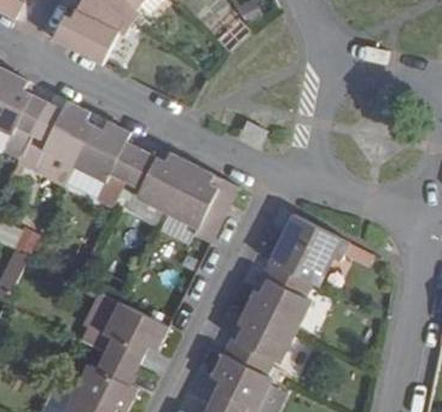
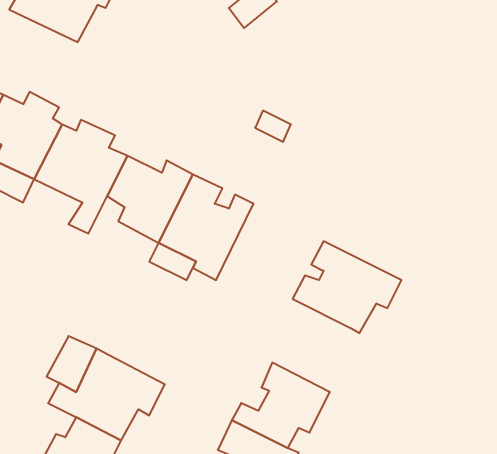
building: [254,261,315,333] -> none

